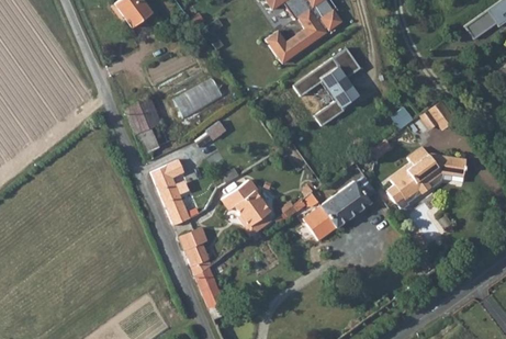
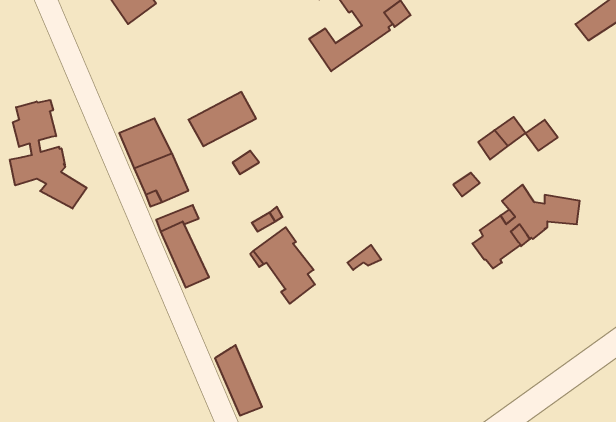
building: [293,47,360,125] -> none
building: none -> [10,100,87,209]
building: [304,180,373,238] -> none
building: [178,226,207,276] -> none

